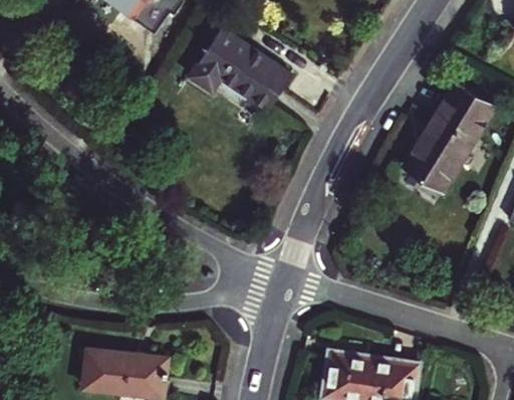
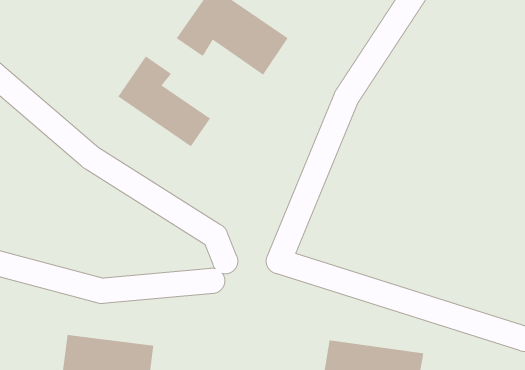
building: [404,83,493,190] -> none
building: none -> [118,56,211,147]

